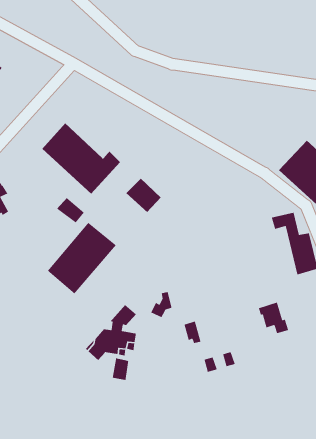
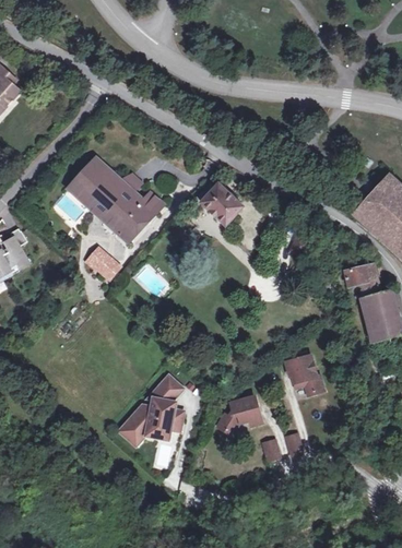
building: [126,178,162,213] -> [199,181,243,224]
building: [47,222,117,295] -> none
building: [150,291,173,318] -> [217,400,245,432]
building: [258,302,289,334] -> [284,353,322,392]

